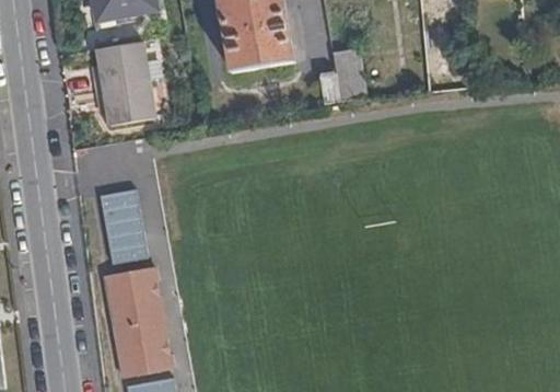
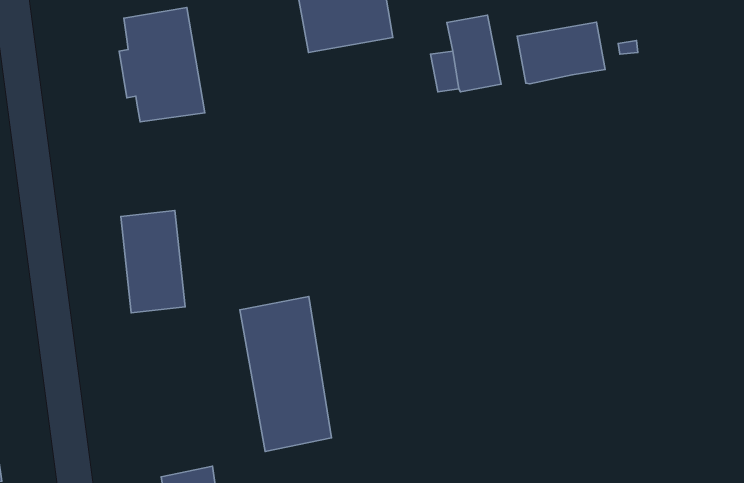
building: none -> [517,22,605,84]
building: [104,264,171,377] -> [240,296,331,451]

